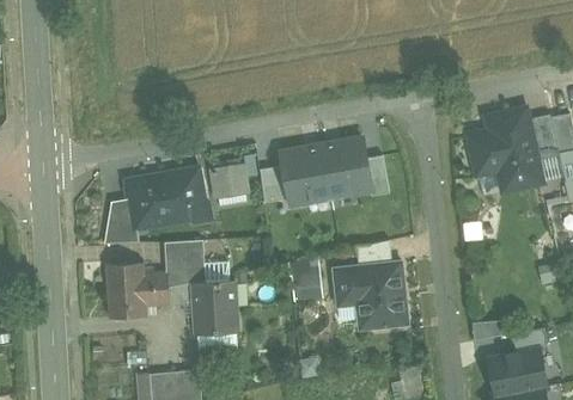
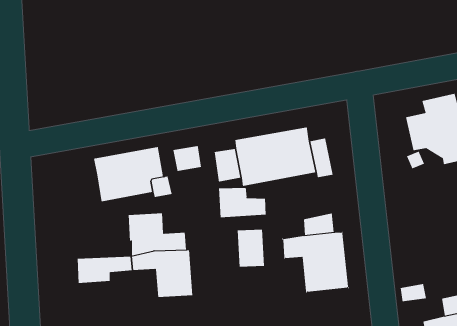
building: [104,198,139,244] -> none
building: none -> [218,187,266,218]
building: [106,261,169,290] -> none

